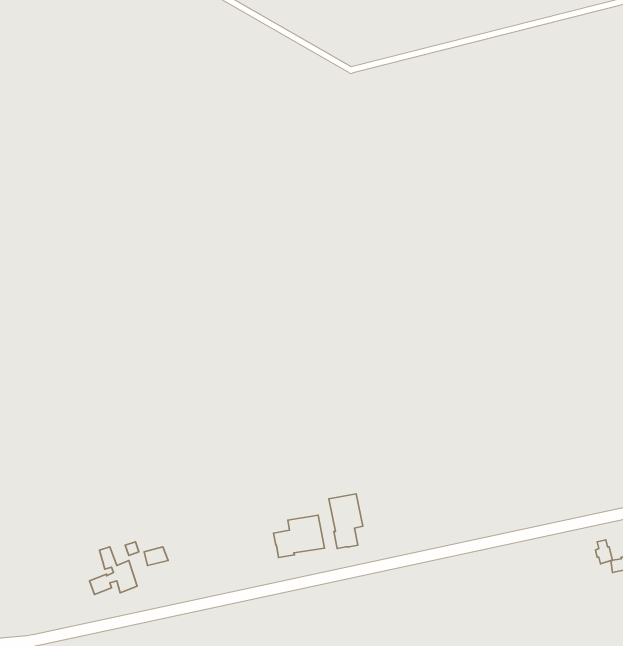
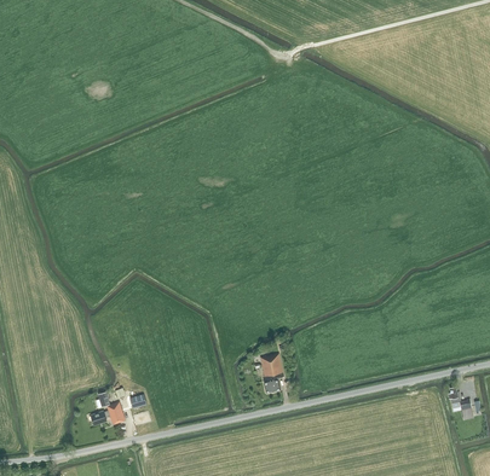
building: [274,515,324,558] -> none

